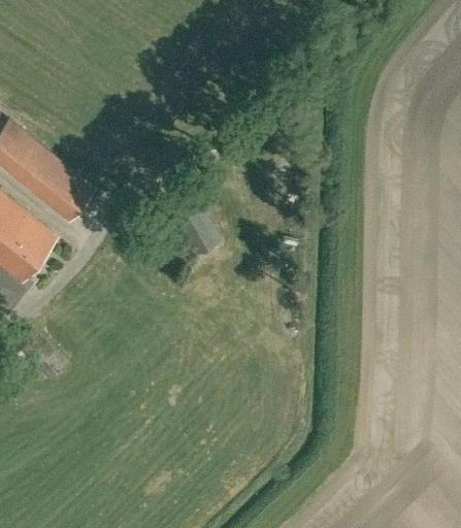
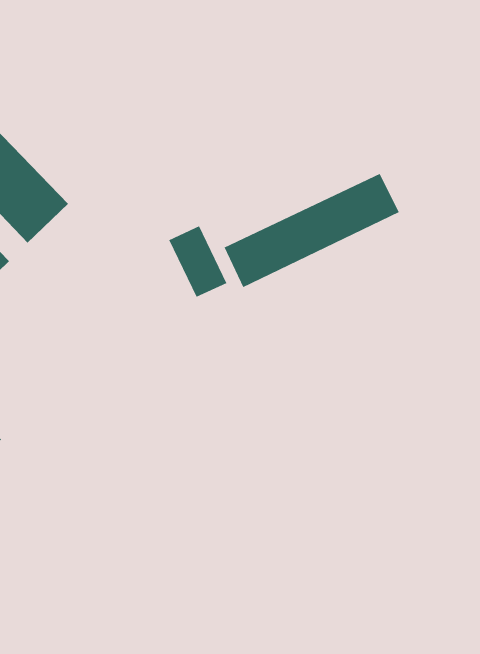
building: none -> [224,173,400,288]

